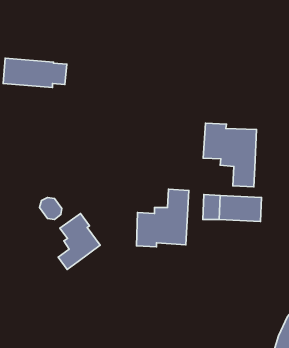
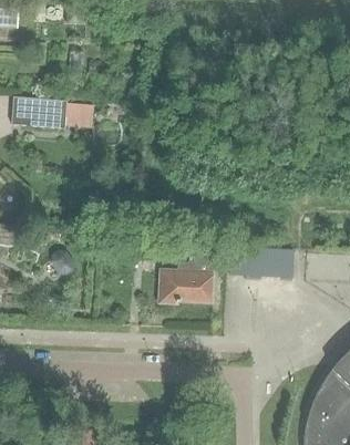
building: [203,123,256,187] -> none
building: [58,214,100,270] -> none

